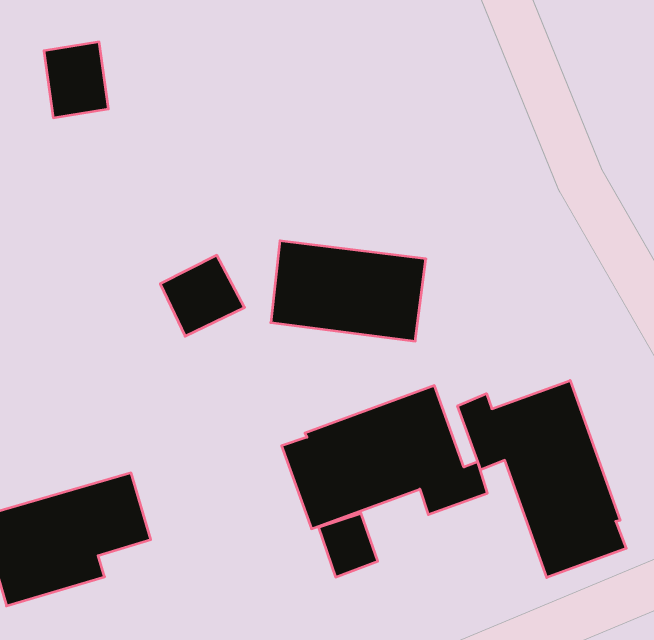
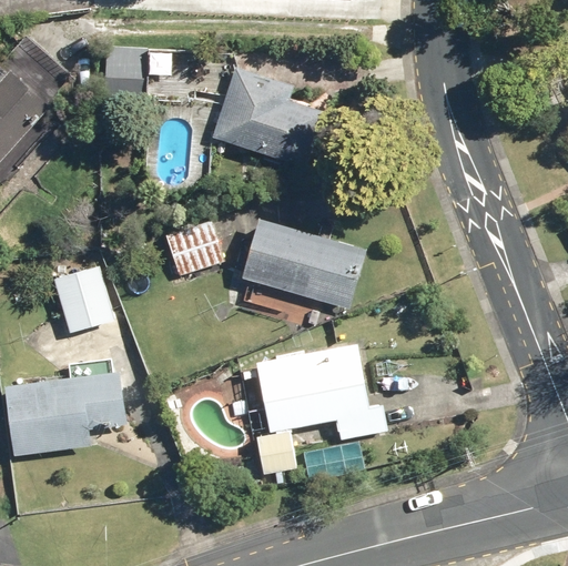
building: none -> [213,65,325,169]
building: none -> [54,264,114,332]
building: [458,380,626,578] -> none

